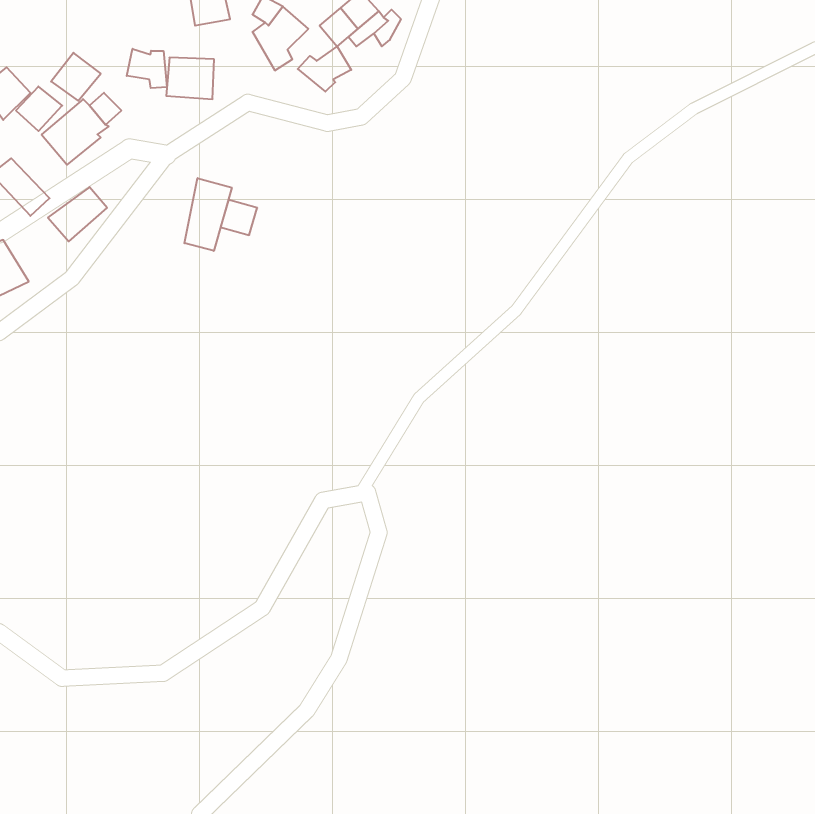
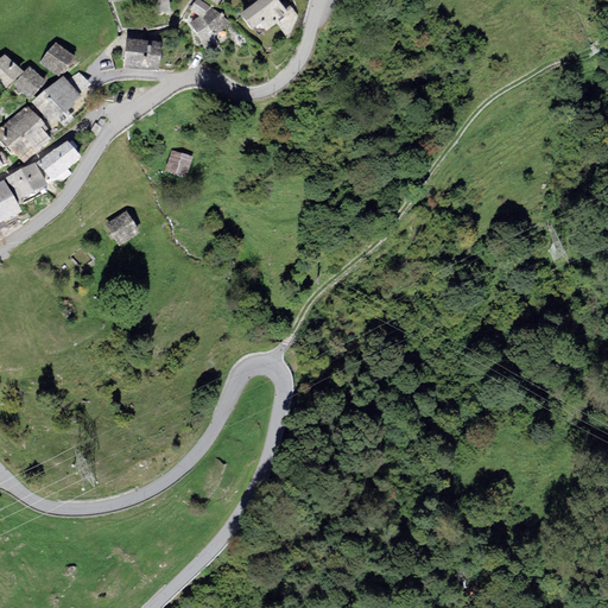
building: [298,46,351,92] -> none
building: [127,49,167,88] -> none
building: none -> [8,107,50,147]
building: [184,178,232,251] -> none
building: none -> [5,160,46,197]
building: none -> [103,209,139,245]

